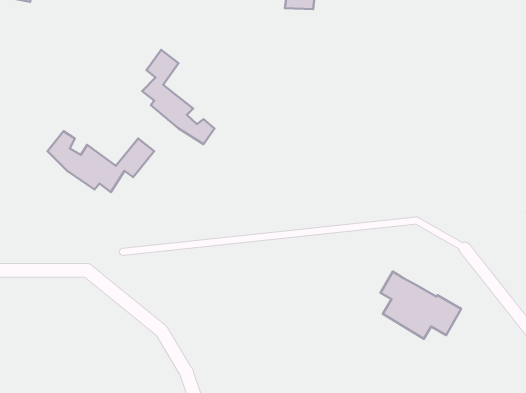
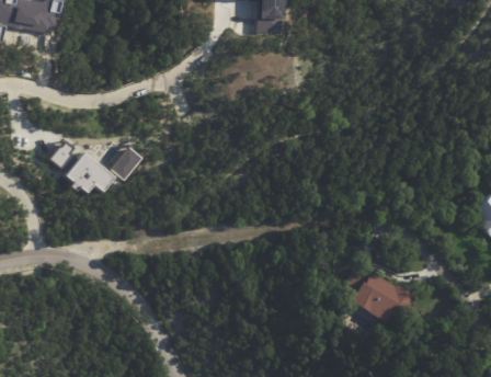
building: [142,50,215,144] -> none

